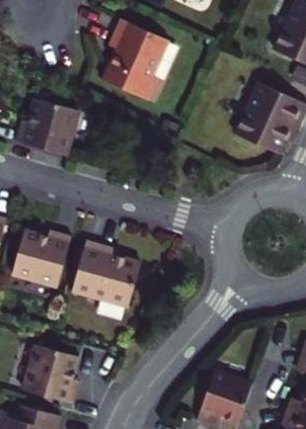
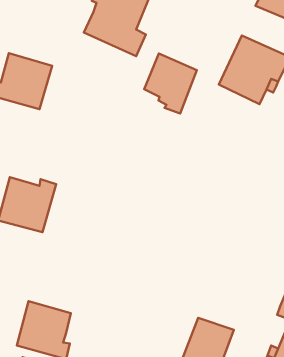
building: none -> [144,54,197,114]
building: [67,235,135,301] -> none

